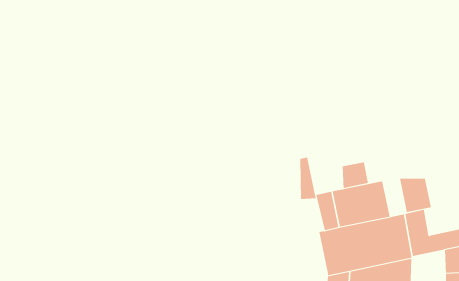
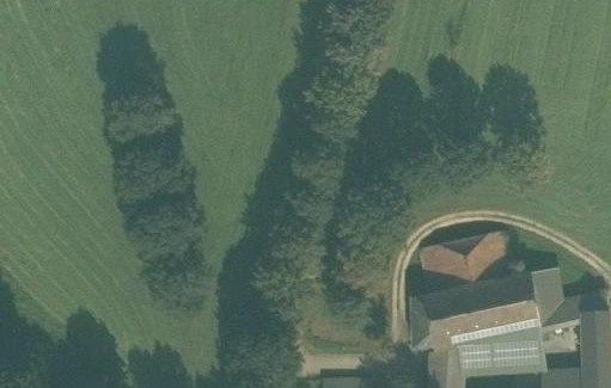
building: [299,157,316,199] -> [411,294,433,347]
building: [342,161,369,189] -> none
building: [399,178,431,213] -> none

